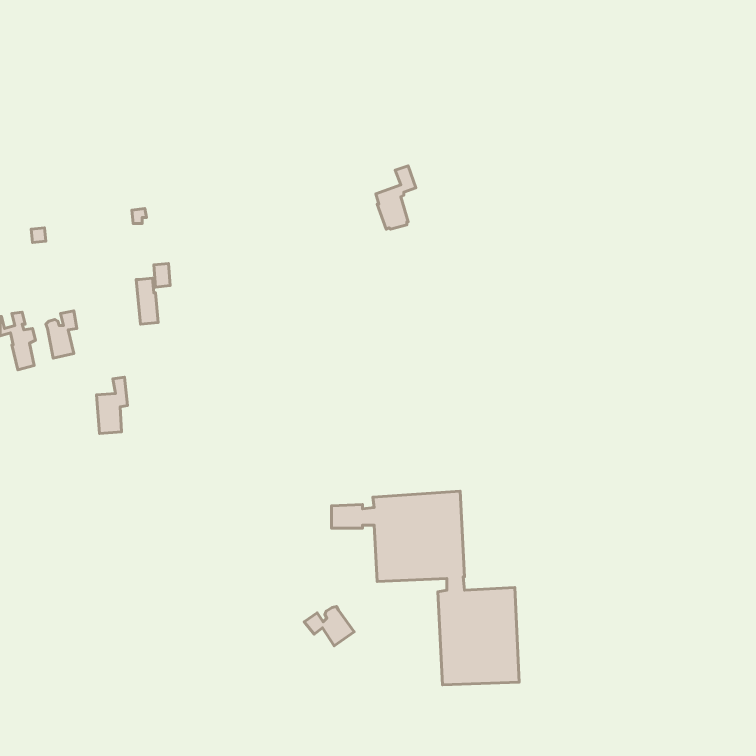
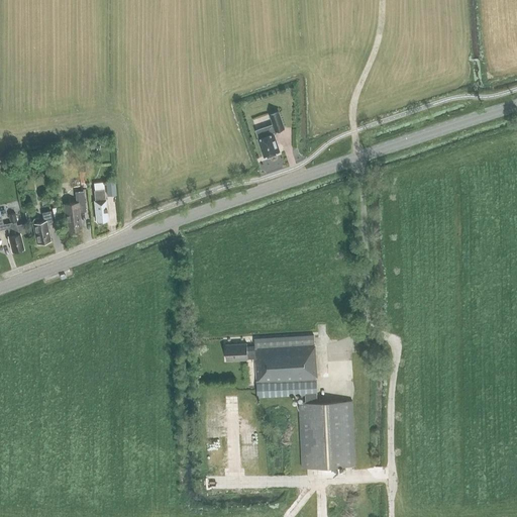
building: [96,377,127,433] -> [64,192,85,230]
building: [304,607,354,646] -> none

